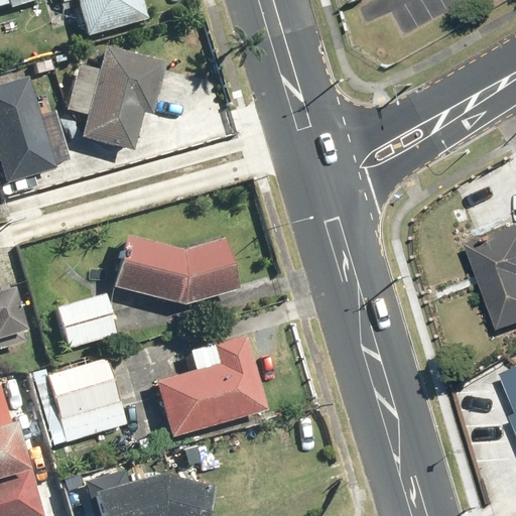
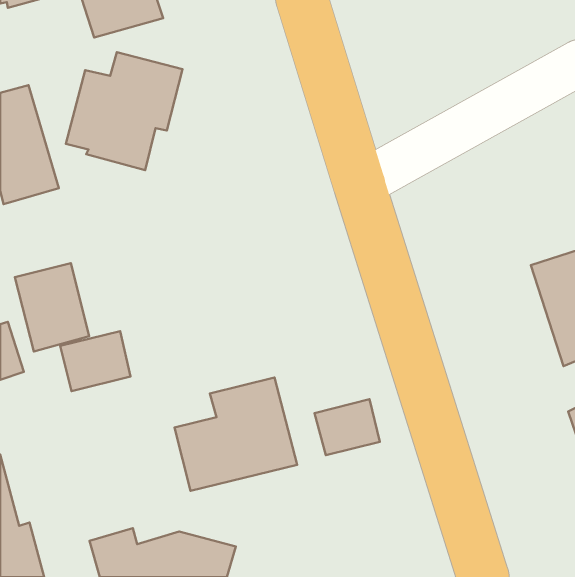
building: none -> [15,263,89,351]
building: [114,236,238,304] -> none
building: none -> [314,399,380,455]
building: [28,359,124,445] -> none

